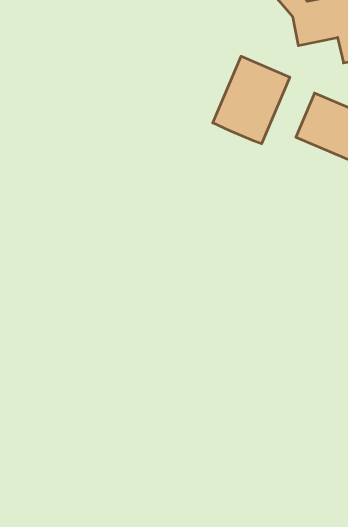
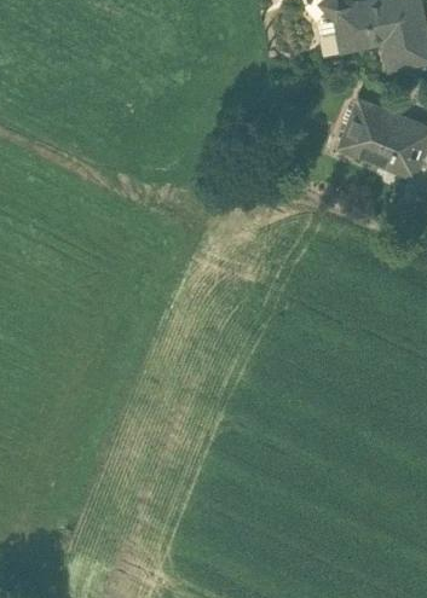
building: [213,56,290,144] -> none

